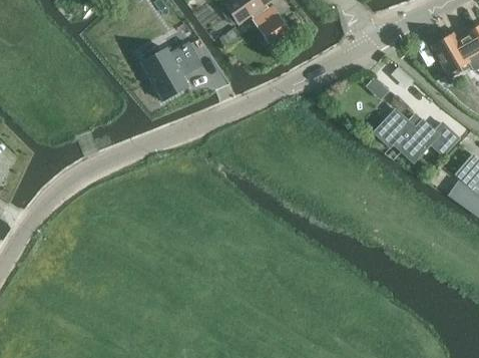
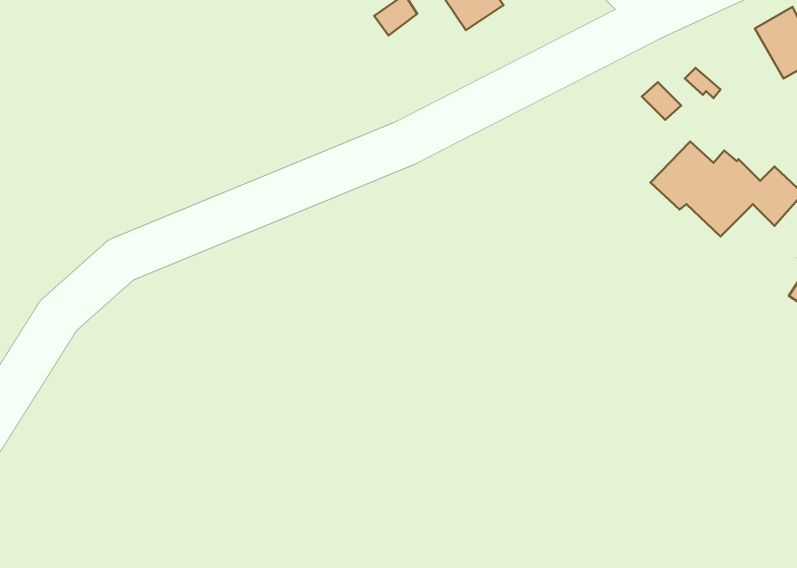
building: [141,42,201,99] -> none

